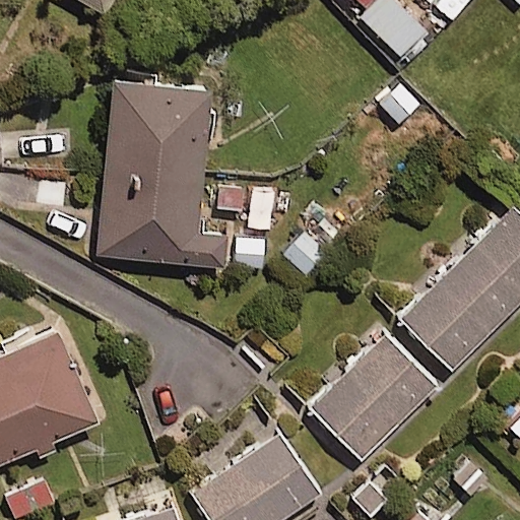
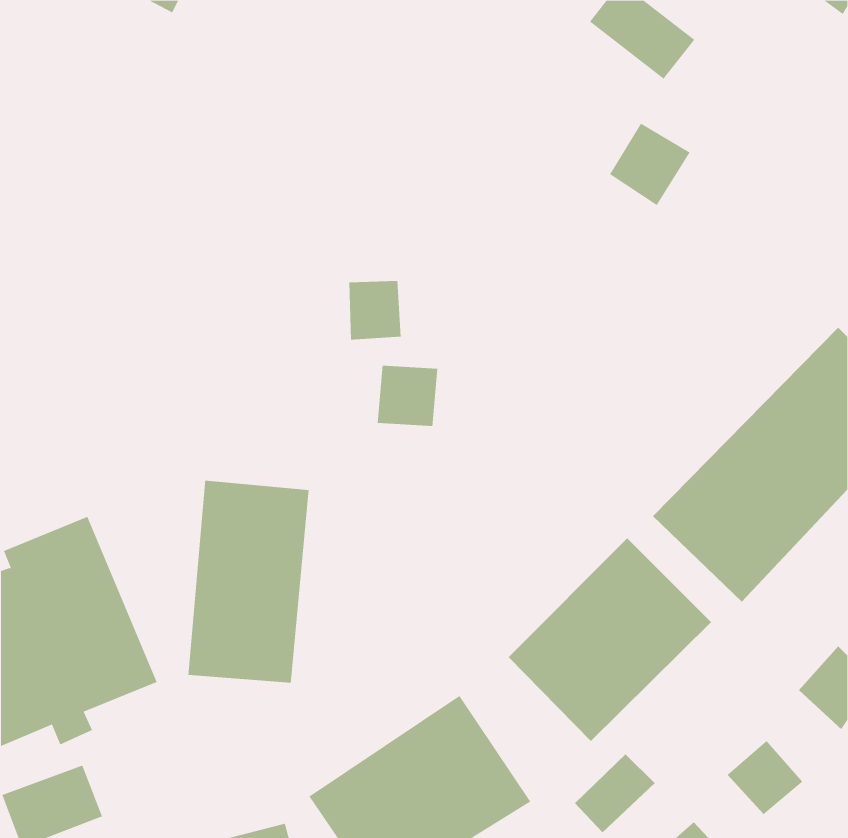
building: [98,79,225,266] -> none
building: none -> [188,480,309,684]

